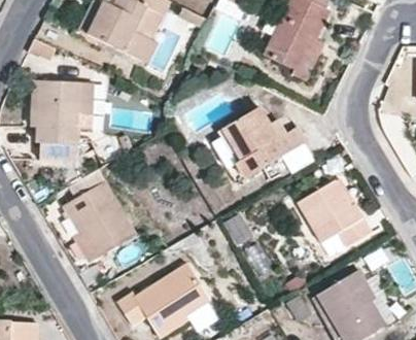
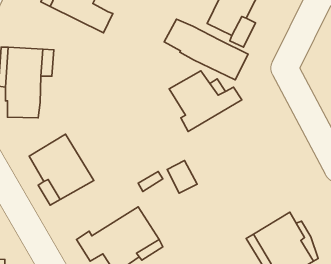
building: none -> [164,19,248,80]
building: [298,180,371,245] -> none

